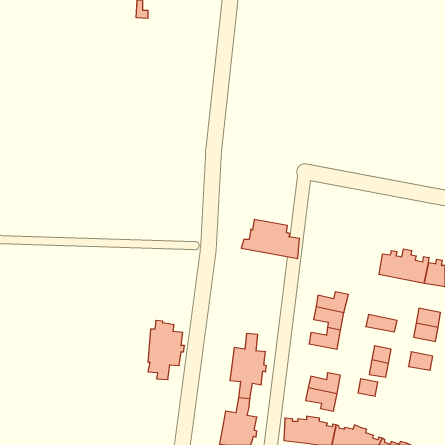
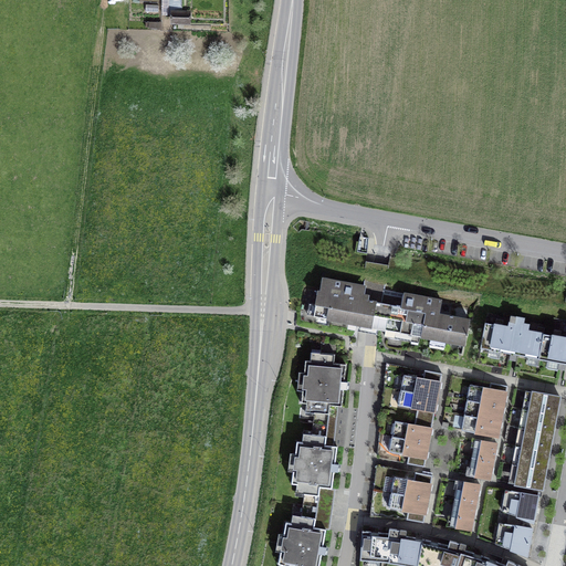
building: none -> [378,294,470,345]
building: none -> [468,382,507,407]
building: [148,320,185,380] -> [302,349,348,424]
building: none -> [461,415,501,437]
building: none -> [522,428,553,452]
building: none -> [389,437,428,465]
building: none -> [515,465,546,489]
building: none -> [506,491,538,522]
building: none -> [450,499,476,530]
building: none -> [501,523,532,555]

